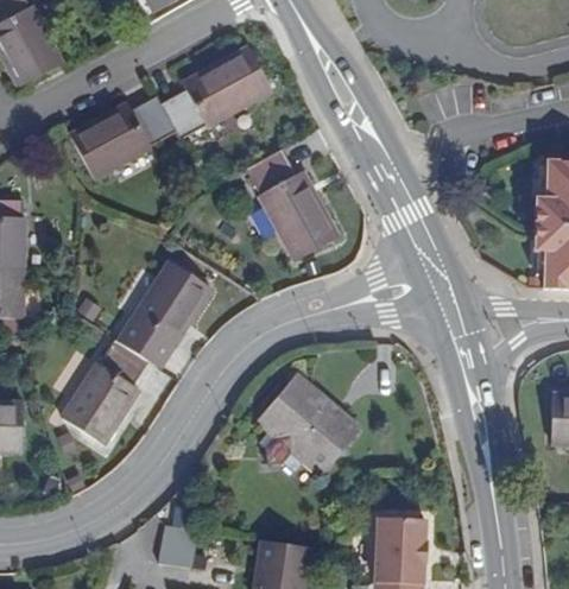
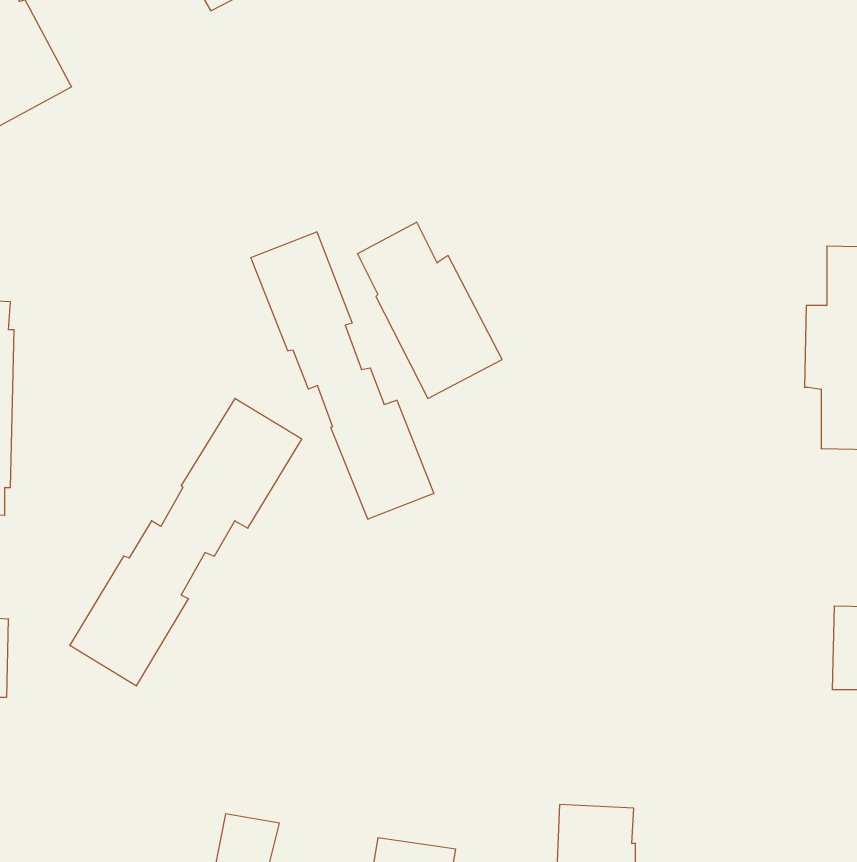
building: [70,43,274,177] -> none
building: none -> [251,232,434,519]
building: [258,376,359,474] -> none

